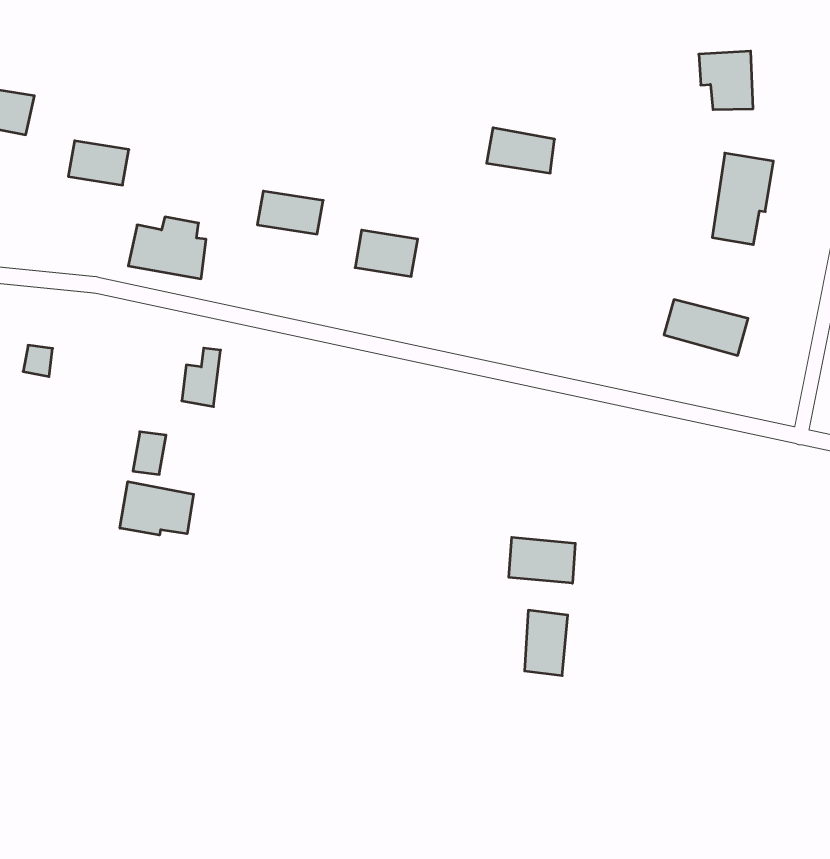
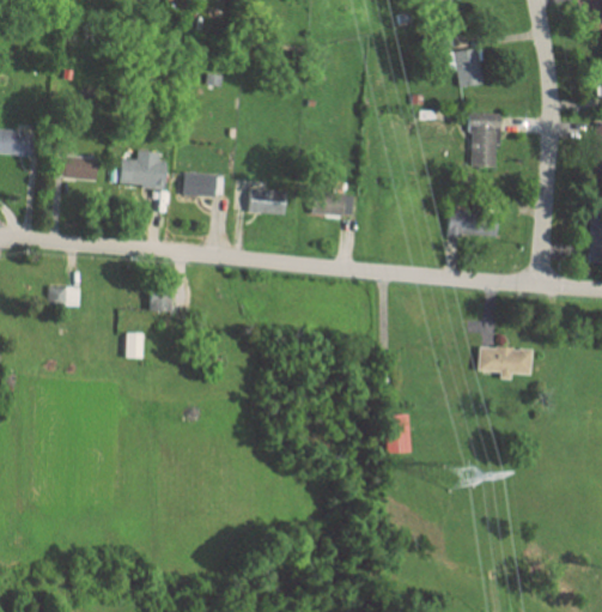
building: [487,128,555,173] -> [312,192,353,216]
building: [128,217,206,279] -> [120,151,166,187]
building: [120,482,194,535] -> none
building: none -> [479,346,531,376]
building: [509,537,575,583] -> none

